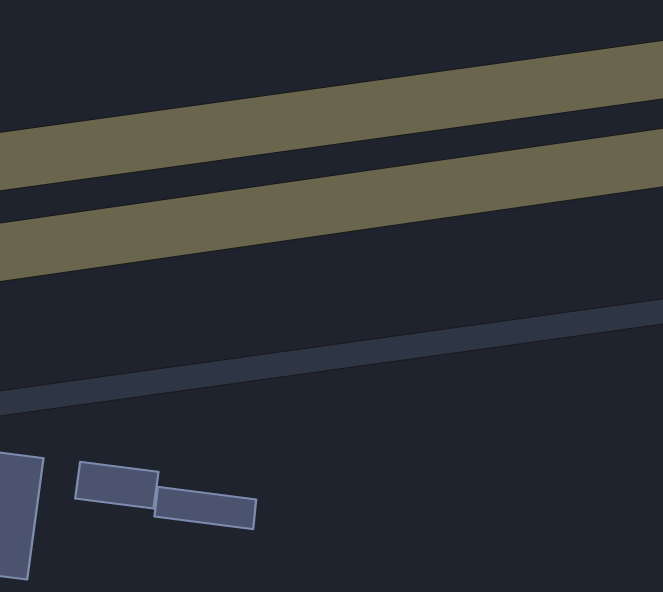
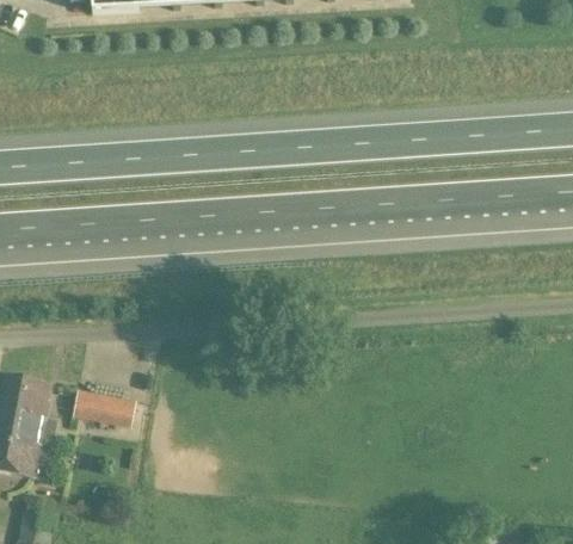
building: [155,487,256,529] -> none

